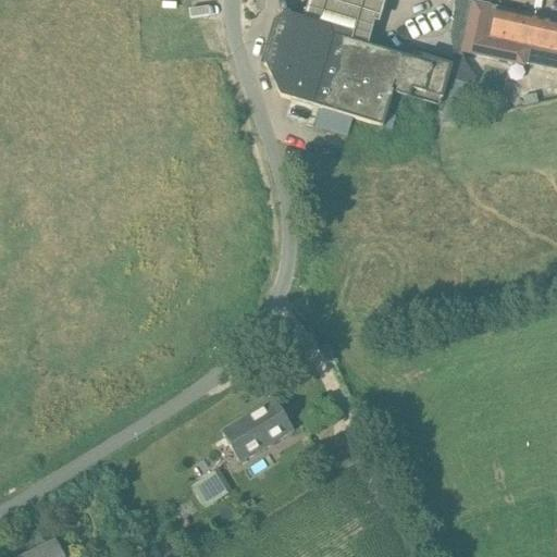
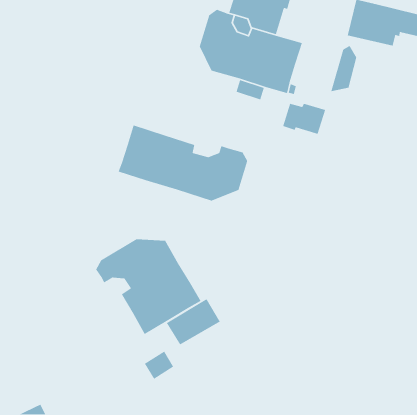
building: [395,54,454,97] -> [282,103,326,135]
building: none -> [118,123,248,201]
building: none -> [95,238,201,336]

